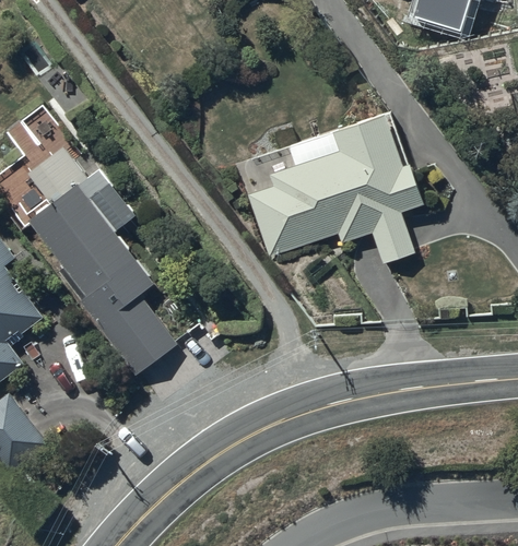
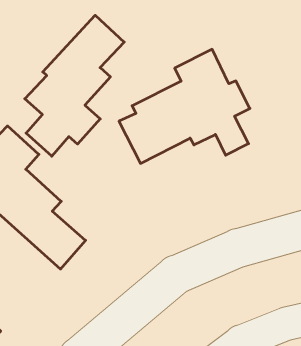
building: none -> [25,15,124,156]

